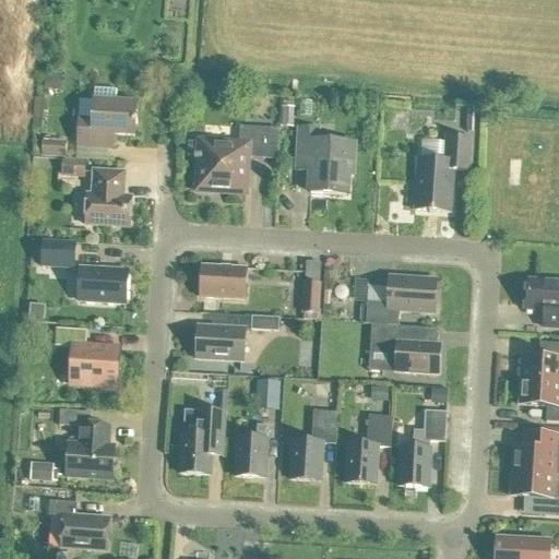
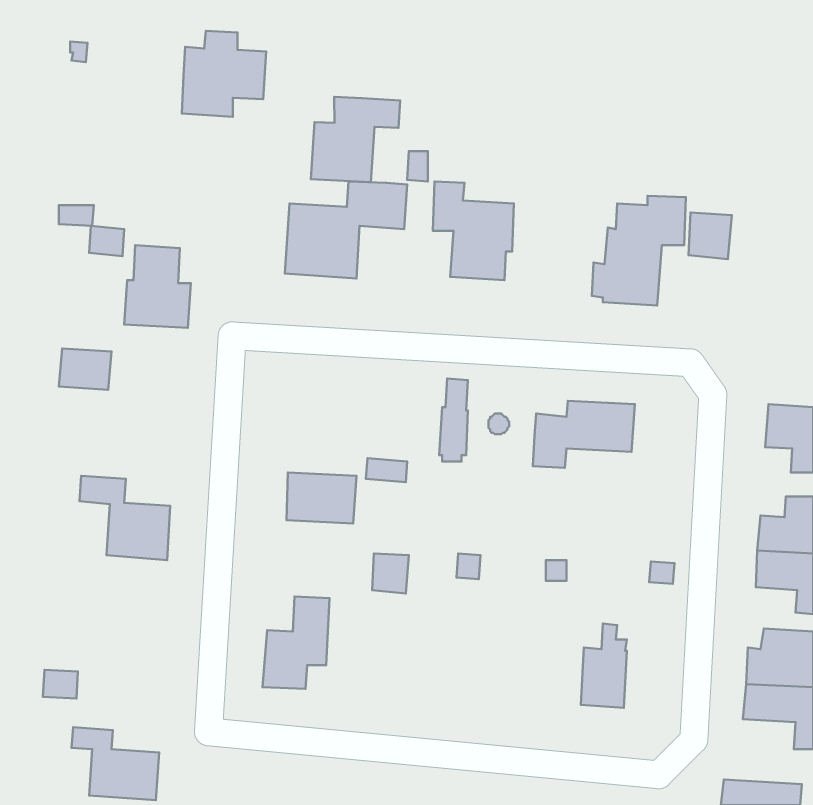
building: none -> [311,97,400,182]
building: [78,86,135,145] -> [182,31,266,117]
building: none -> [689,213,732,259]
building: [200,263,264,299] -> none
building: [79,266,127,301] -> none
building: [370,322,440,372] -> none
building: [59,408,114,478] -> none
building: [290,408,337,479] -> none
building: [423,408,447,440] -> none
building: [346,414,392,483] -> none
building: [236,423,266,476] -> none

